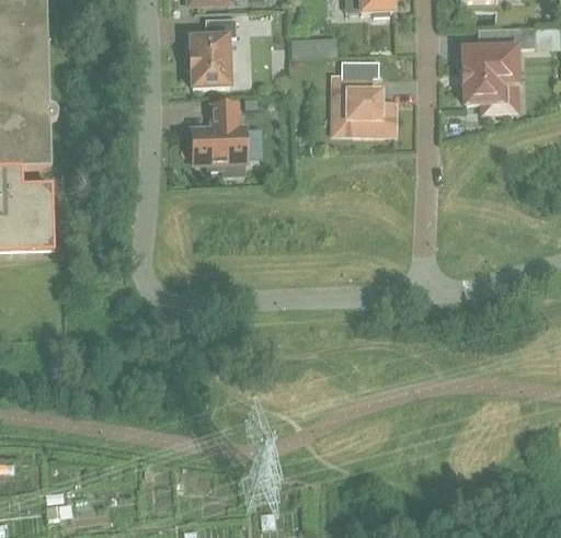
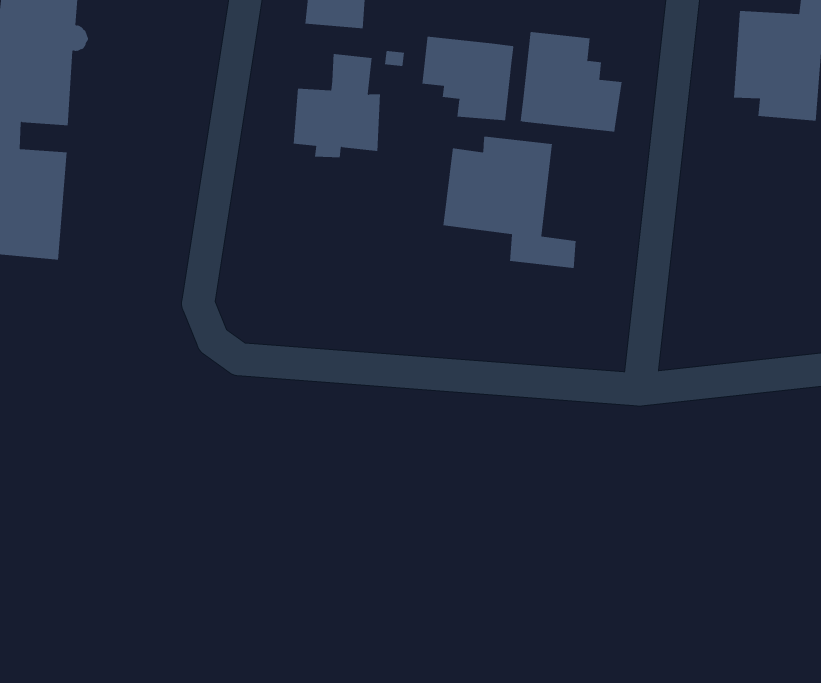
building: none -> [422,36,514,121]
building: none -> [443,136,576,269]

